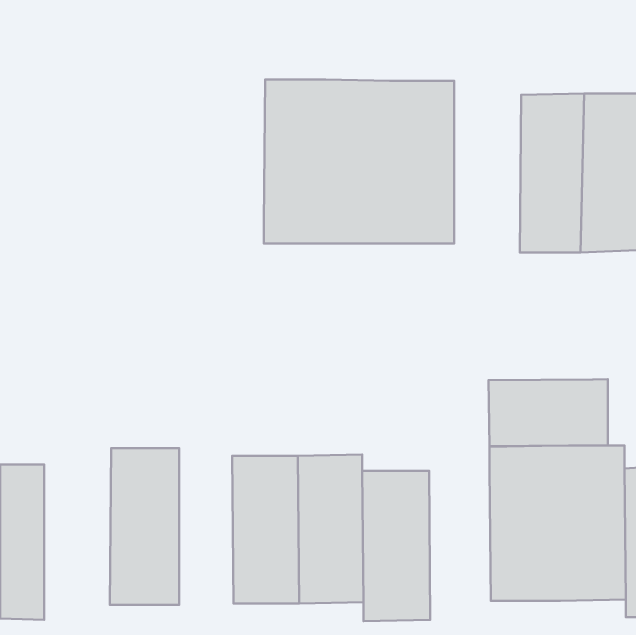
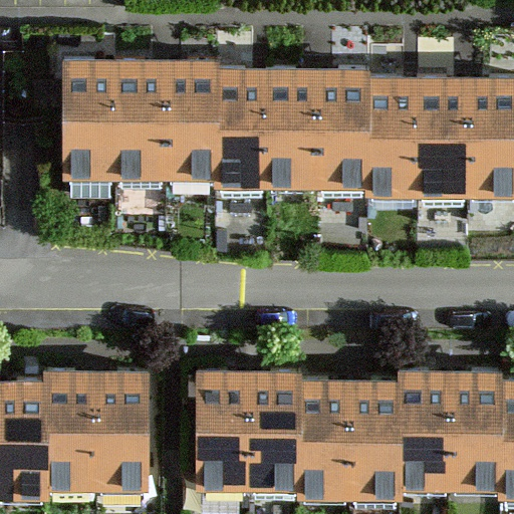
building: none -> [61,57,218,185]
building: none -> [368,83,422,209]
building: [488,379,608,446] -> none
building: none -> [42,364,95,489]
building: none -> [348,381,398,501]

